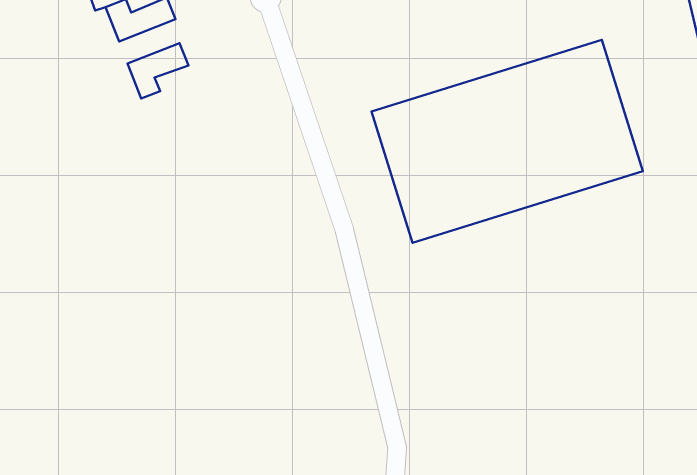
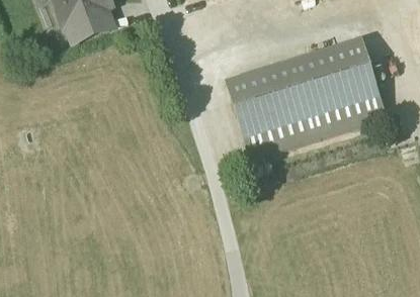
building: [128,43,189,98] -> none

